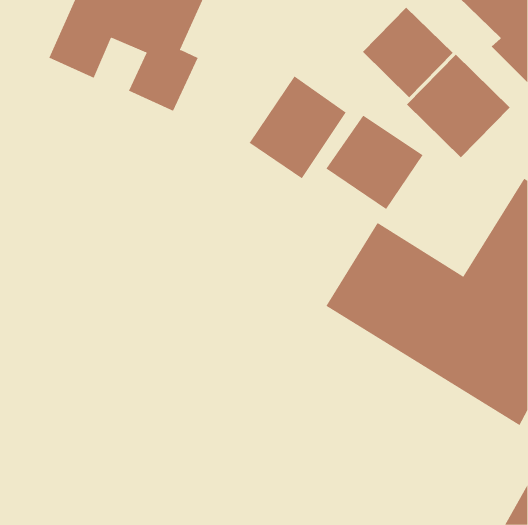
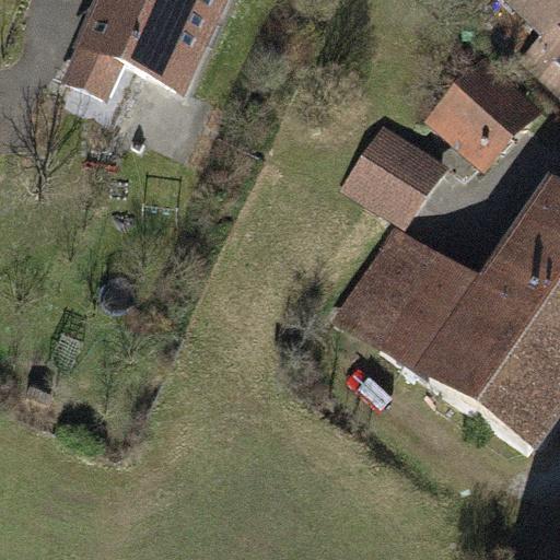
building: [362,7,453,98] -> none
building: [249,76,346,179] -> none

